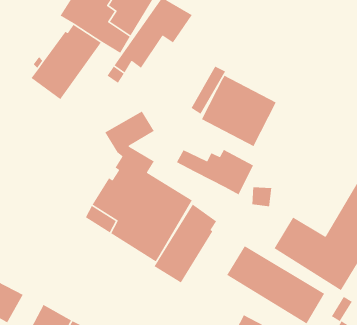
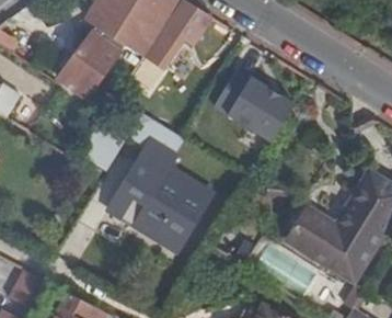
building: [176,149,254,195] -> none
building: [154,204,217,283] -> none

